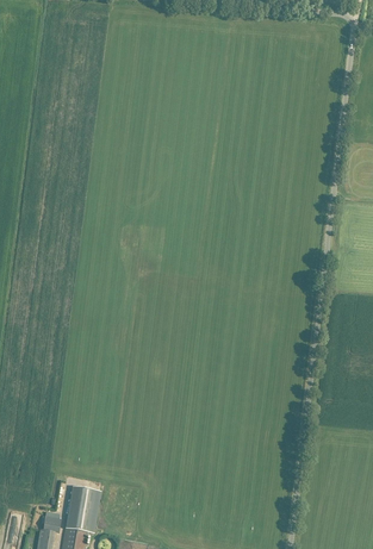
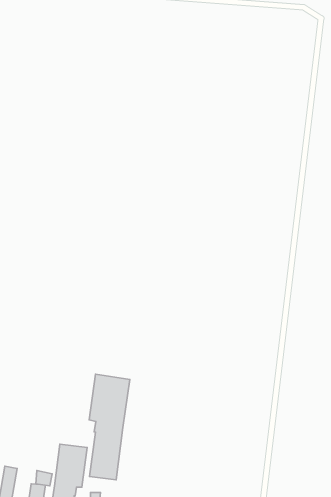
building: none -> [89,374,130,480]

